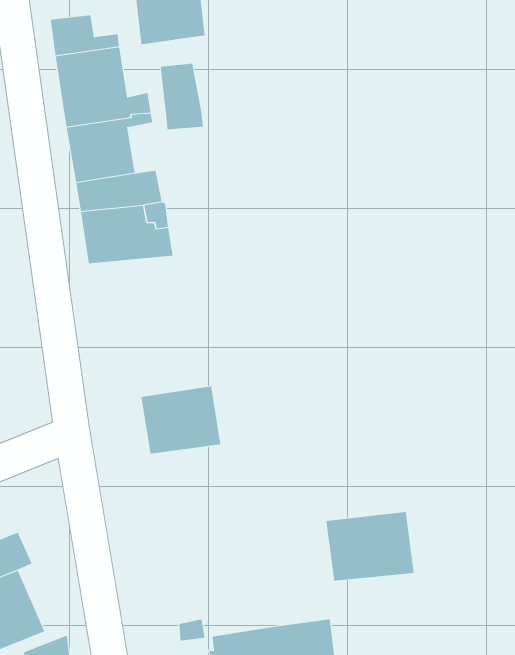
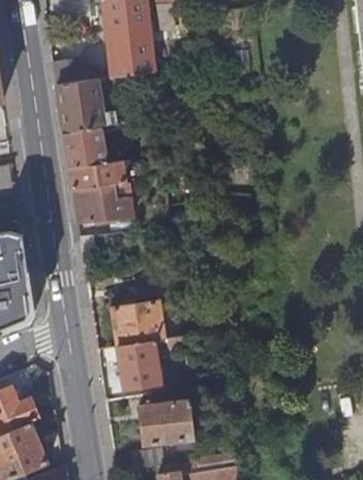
building: [160,63,203,130] -> none
building: none -> [118,337,184,391]
building: [326,511,414,581] -> [138,399,195,445]

